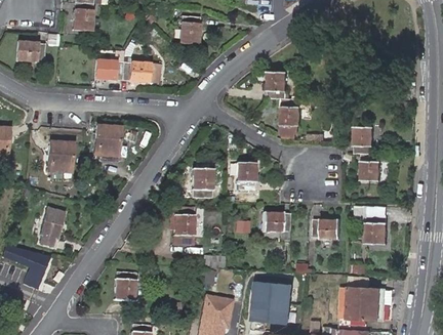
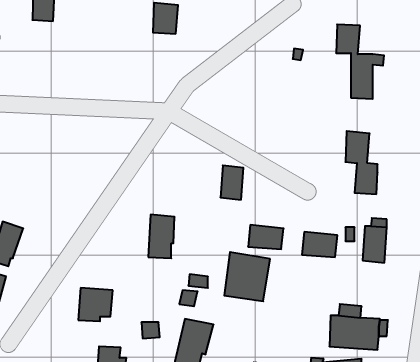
building: [97,56,117,78] -> none
building: [129,58,153,79] -> none
building: [265,73,308,139] -> [336,24,384,99]
building: [95,124,121,154] -> none
building: [48,140,74,171] -> none
building: [197,164,219,194] -> none
building: [254,284,295,328] -> [224,252,270,301]

